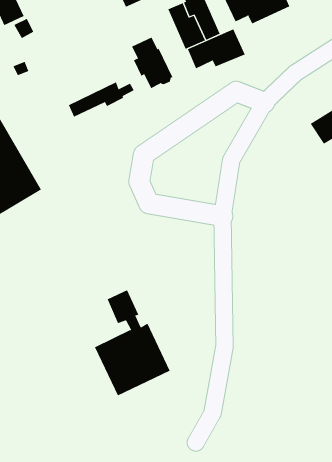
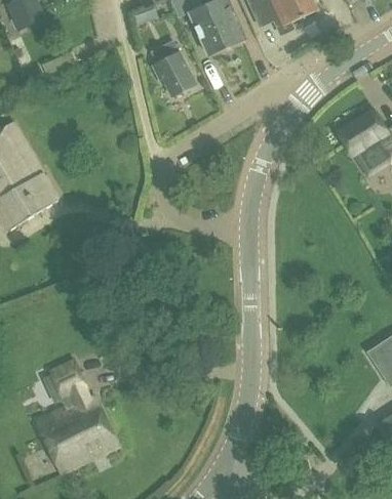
building: [187,28,245,69] -> none
building: [68,82,135,117] -> none
building: [94,289,171,396] -> [37,361,117,472]

